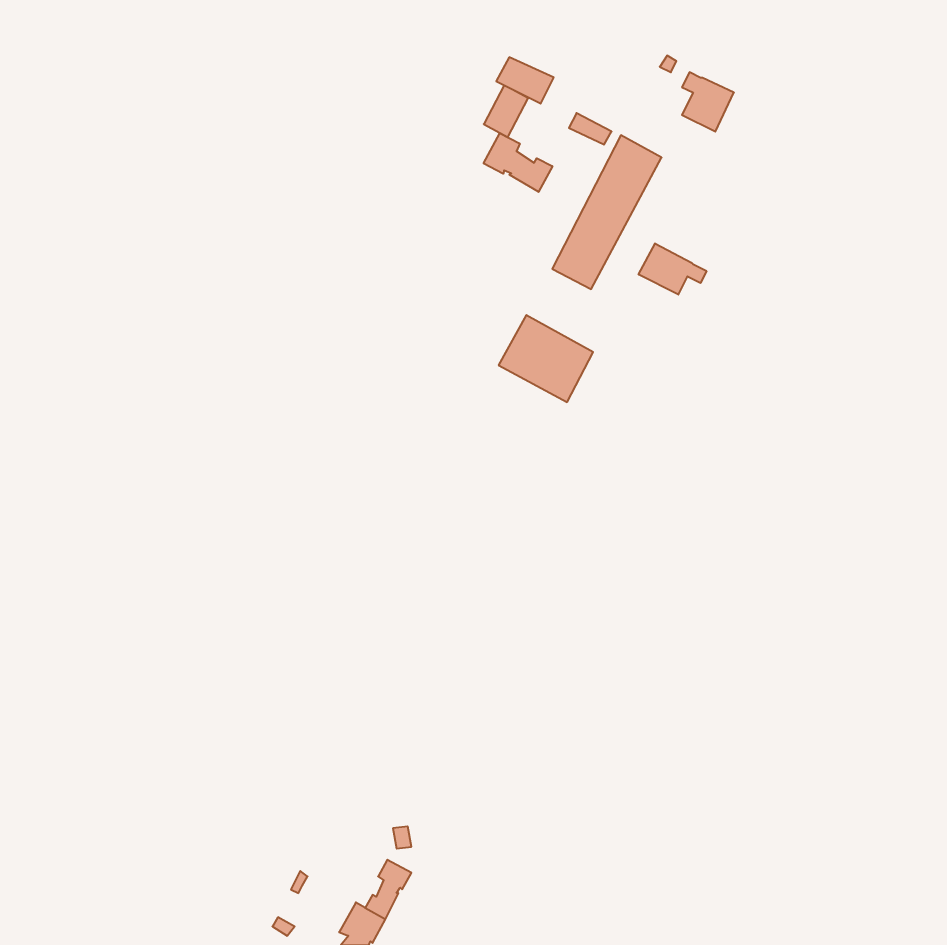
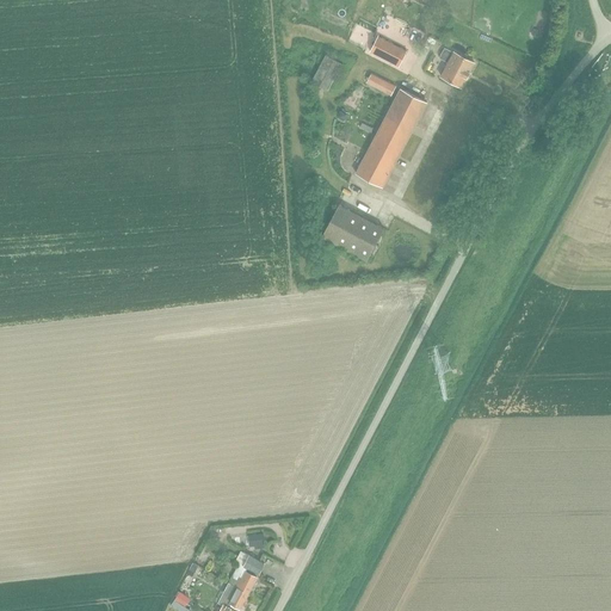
building: [496,57,554,104] -> [369,36,406,66]
building: [484,133,552,192] -> none
building: [639,243,706,295] -> none

